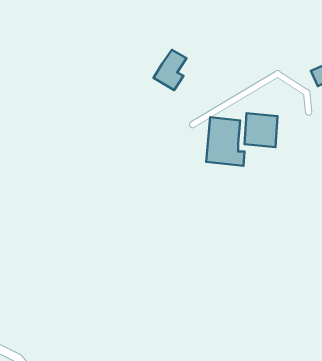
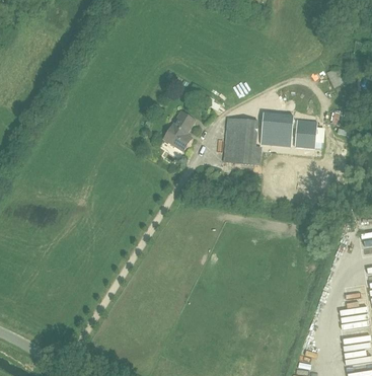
building: [153,50,186,90] -> [162,110,195,150]
building: none -> [294,120,316,148]

